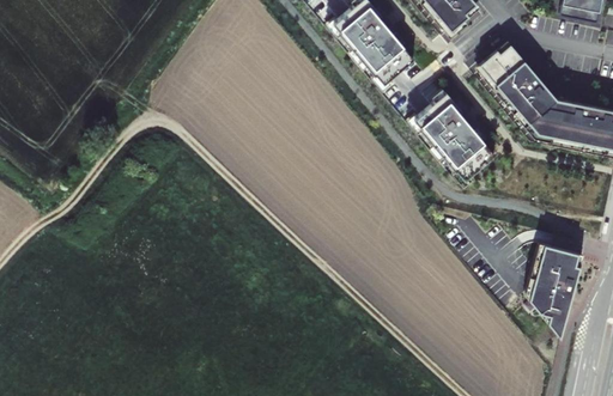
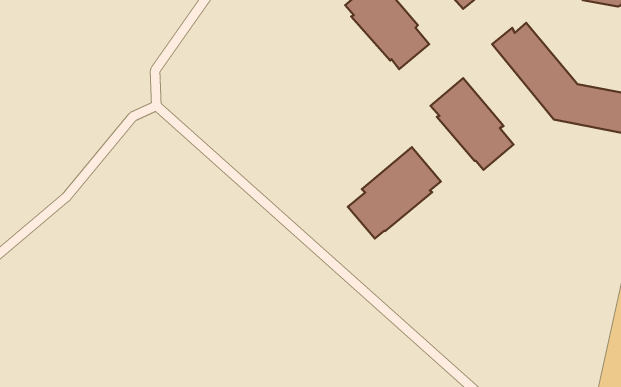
building: none -> [348,147,441,238]
building: [529,244,583,336] -> none

